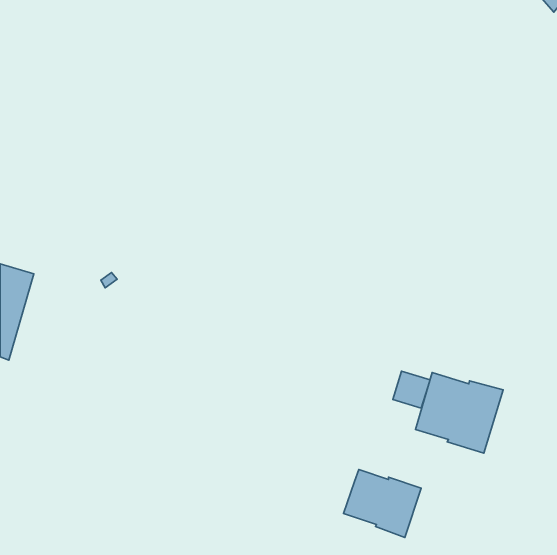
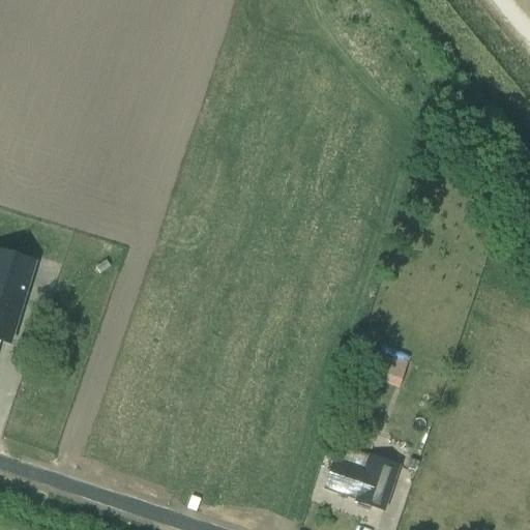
building: [416,372,503,453] -> none

